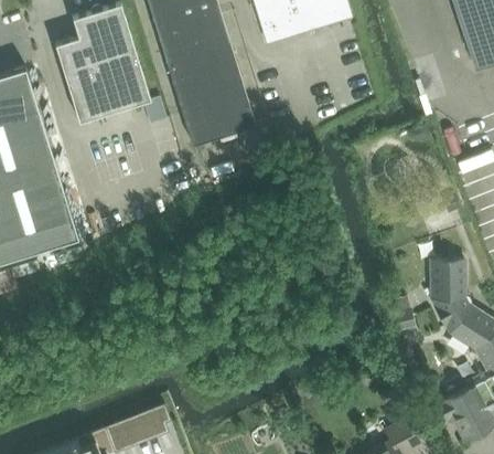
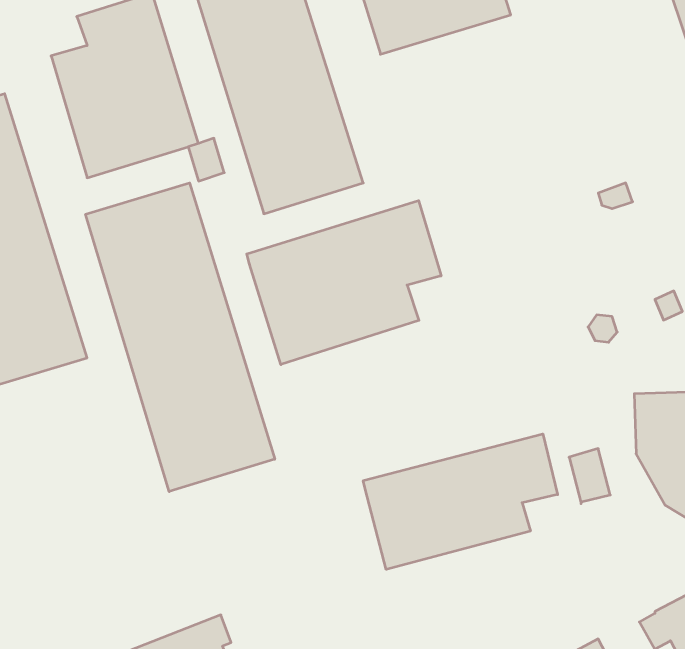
building: none -> [86,183,275,492]
building: none -> [247,201,441,365]
building: none -> [363,434,558,569]

